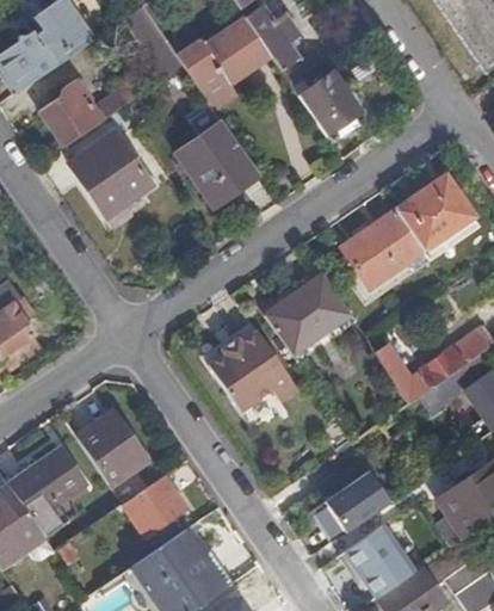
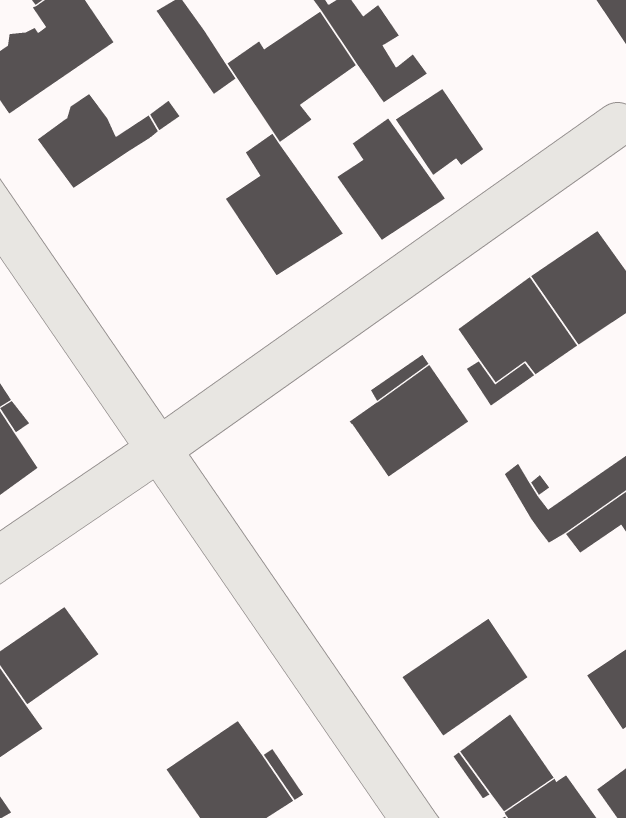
building: none -> [337,117,446,241]
building: [68,129,153,215] -> none
building: [202,321,297,411] -> none
building: [76,411,146,485] -> none
building: [123,474,187,536] -> none

